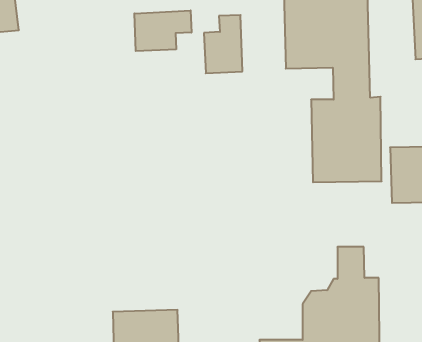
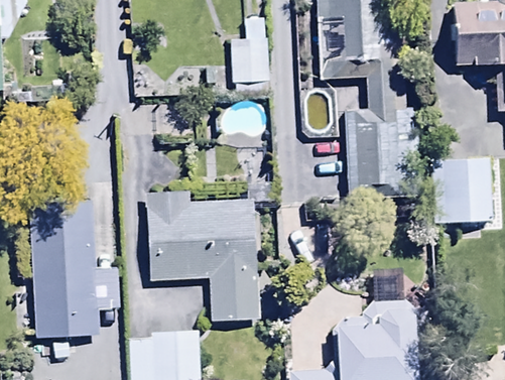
building: [134,10,191,51] -> none
building: none -> [147,192,260,323]
building: none -> [29,222,94,339]

